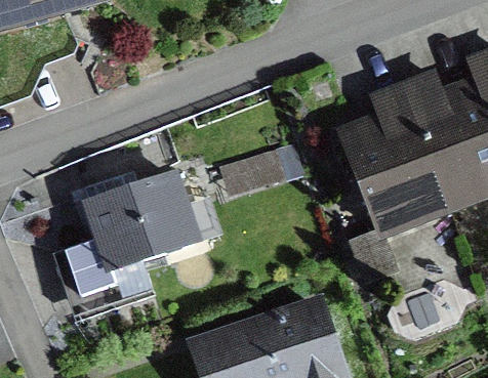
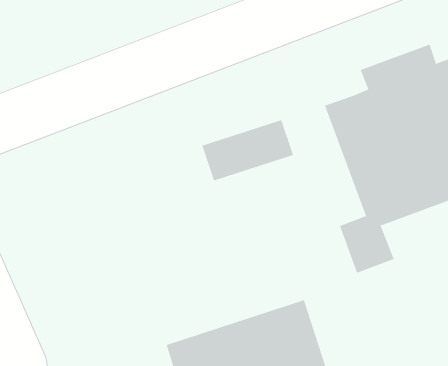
building: [79,169,194,277] -> none

